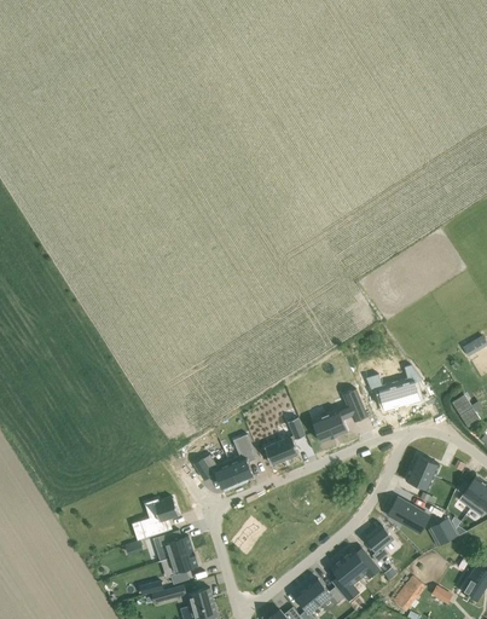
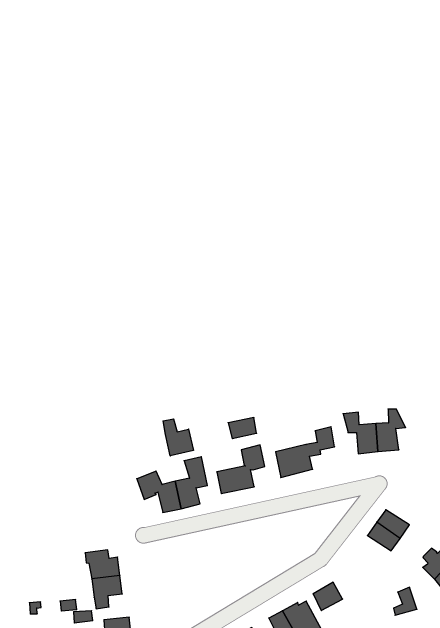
building: none -> [163,419,193,456]
building: [140,498,179,539] -> none
building: [389,499,429,533] -> none

